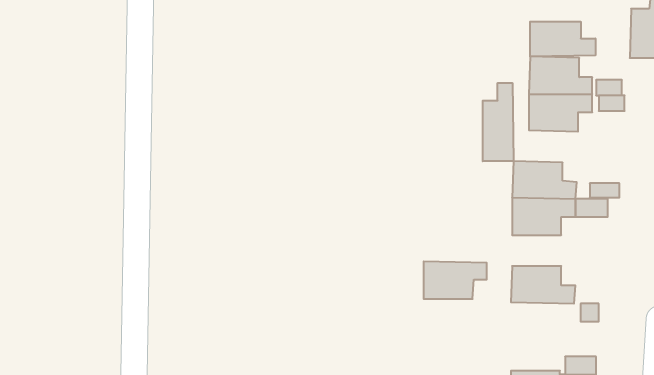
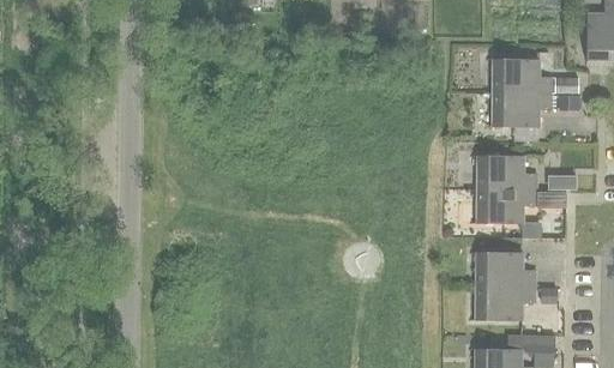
building: [530,22,595,57] -> none
building: [483,83,513,161] -> none
building: [424,261,487,299] -> [475,285,534,320]

